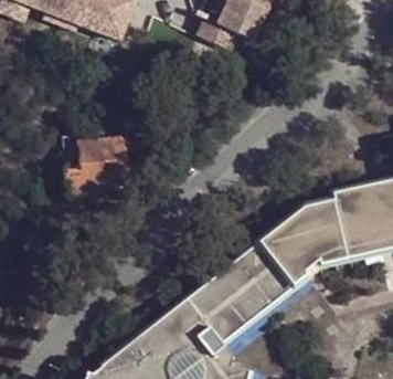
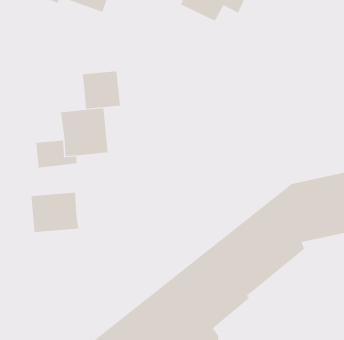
building: none -> [82,70,120,109]
building: none -> [31,192,79,233]

